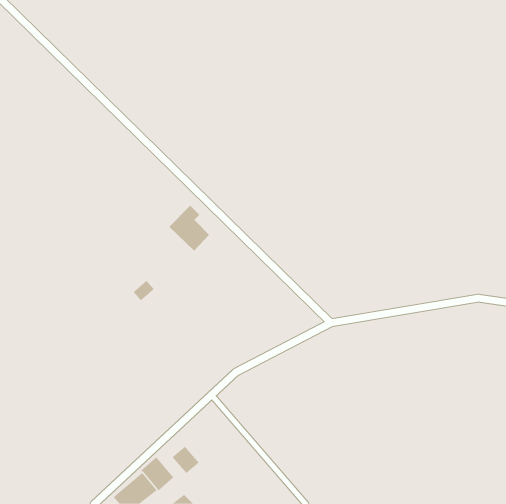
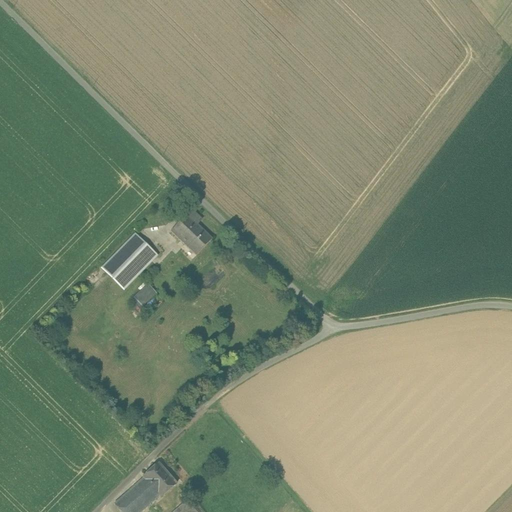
building: none -> [102,233,157,287]
building: [172,446,199,474] -> none

